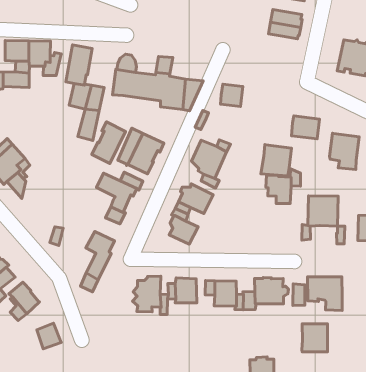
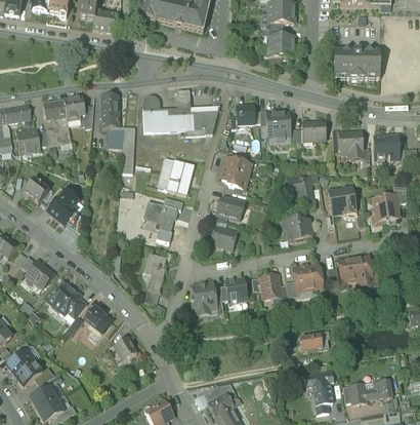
building: [92,122,125,164] -> none
building: [261,145,292,176] -> [266,112,291,139]
building: none -> [283,217,311,241]
building: [302,324,328,352] -> none

